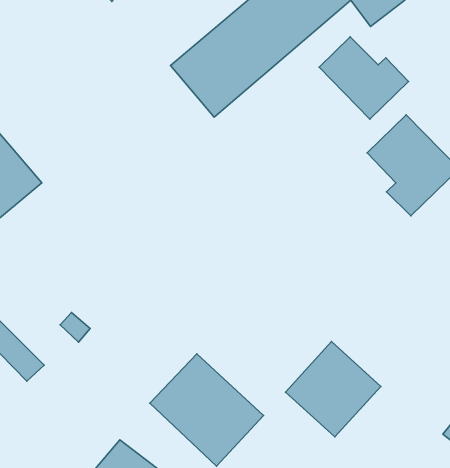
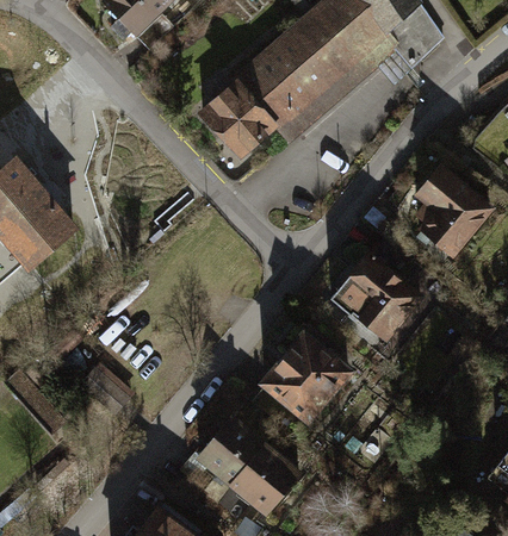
building: [319,37,408,119] -> none
building: none -> [330,251,423,344]
building: [286,342,381,437] -> [253,330,352,429]

